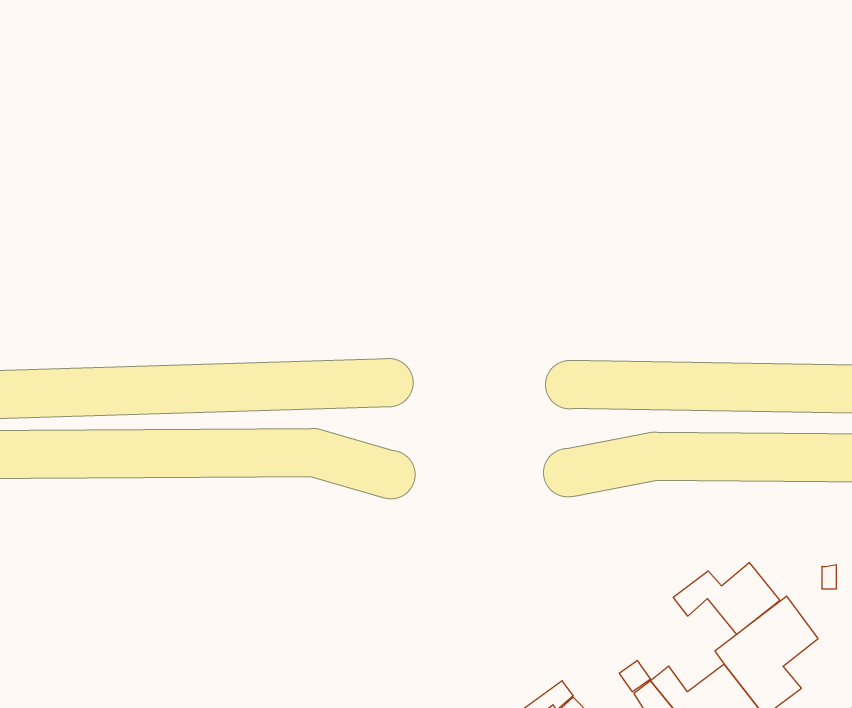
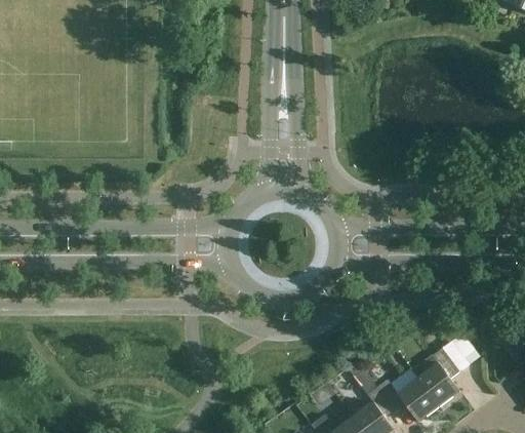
building: [673,562,780,635] -> none

